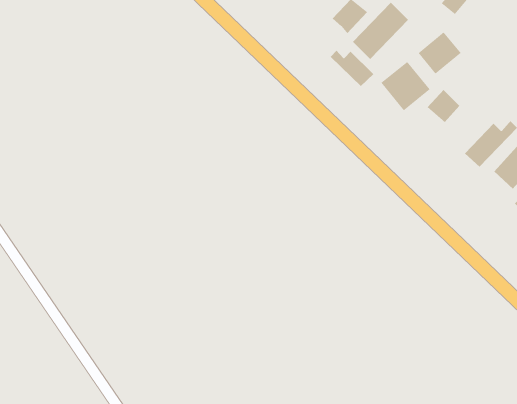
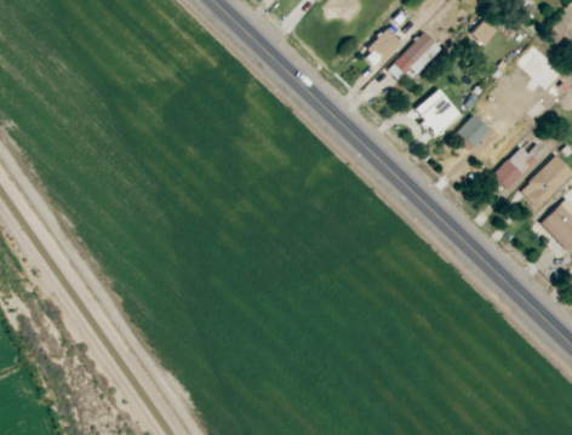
building: [418,32,461,74] -> none
building: [330,50,374,87] -> none

